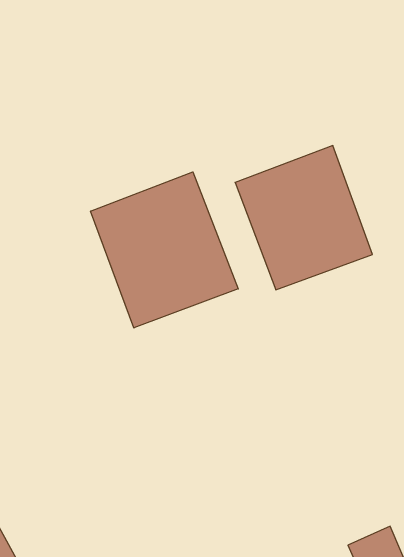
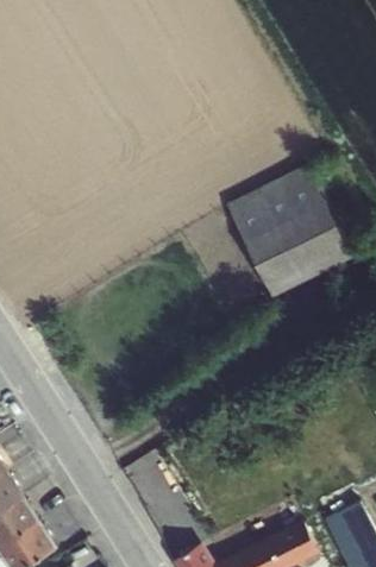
building: [91,172,238,328] -> none

